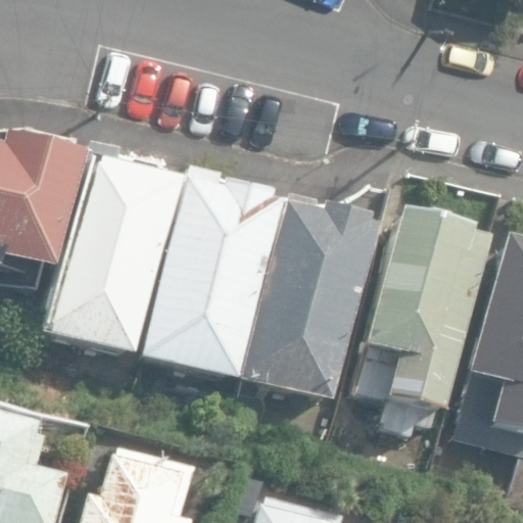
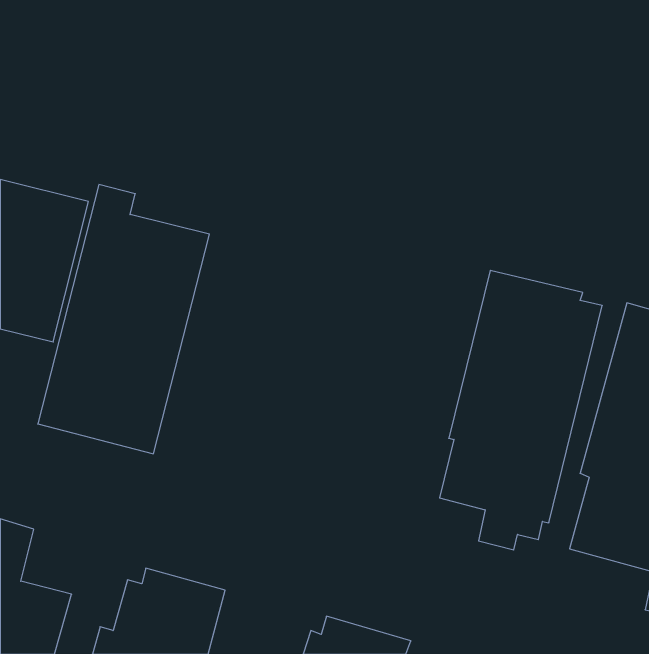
building: [142,186,277,380] -> none
building: [239,207,375,402] -> none

